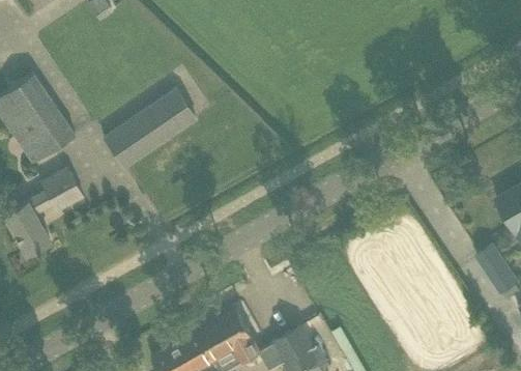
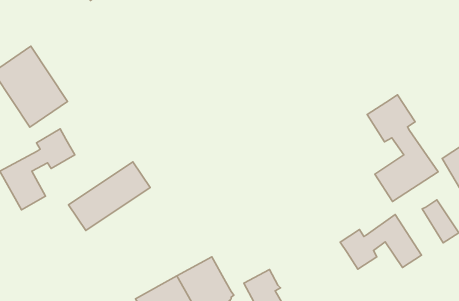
building: [106,91,198,169] -> [69,162,150,231]
building: none -> [367,95,438,202]
building: none -> [340,215,422,269]

